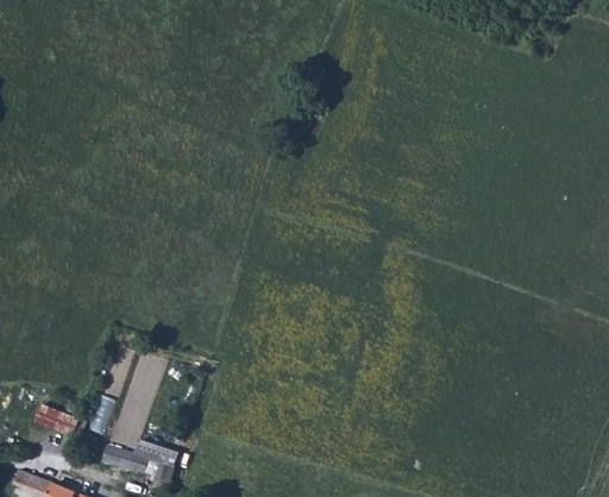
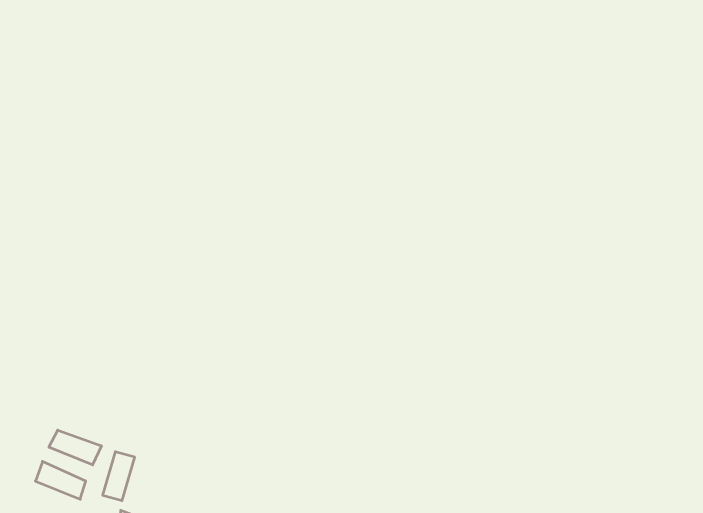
building: none -> [49,430,101,465]

